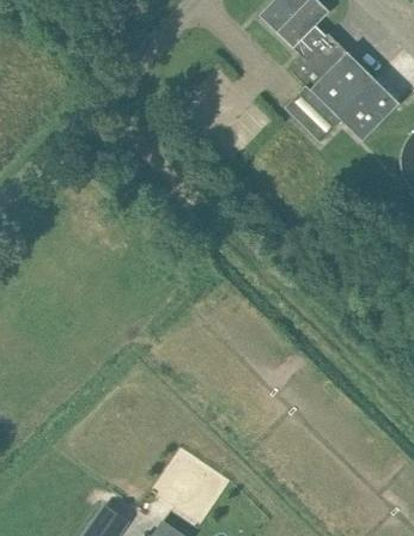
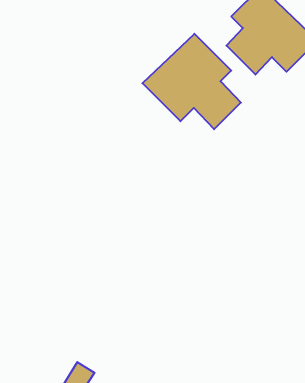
building: none -> [142,34,241,129]

